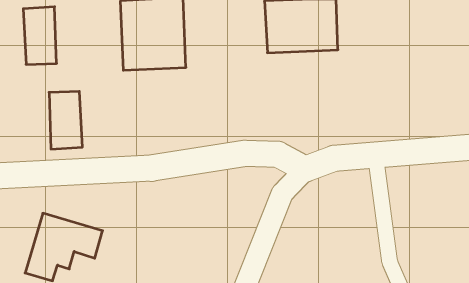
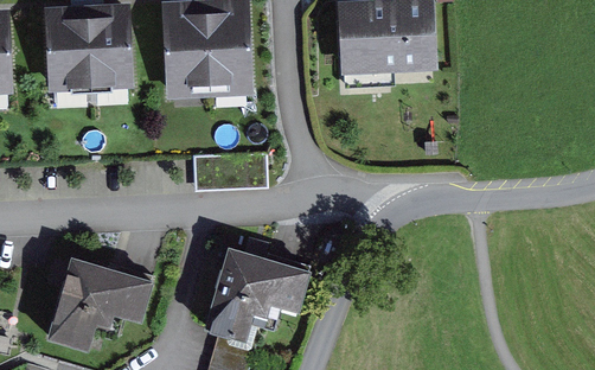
building: [49,91,82,149] -> [87,8,127,78]
building: none -> [209,250,305,334]

